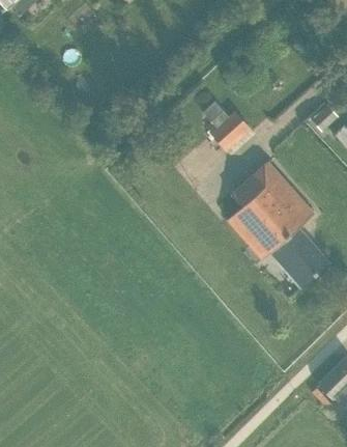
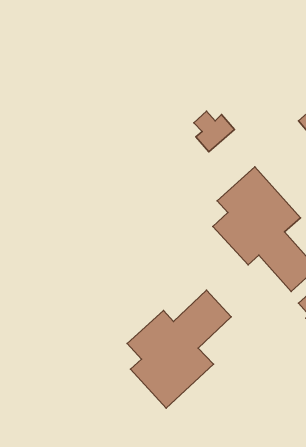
building: none -> [127,290,231,408]

